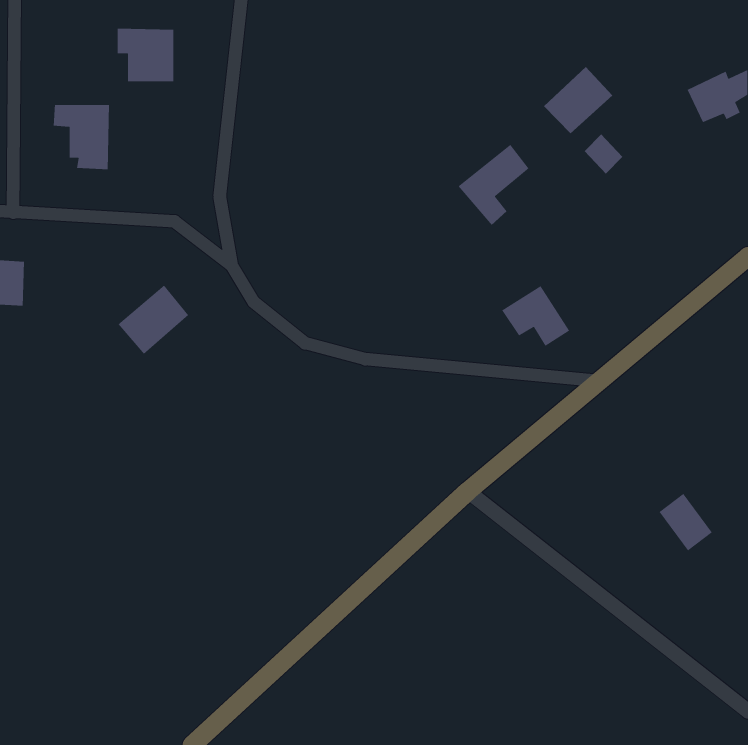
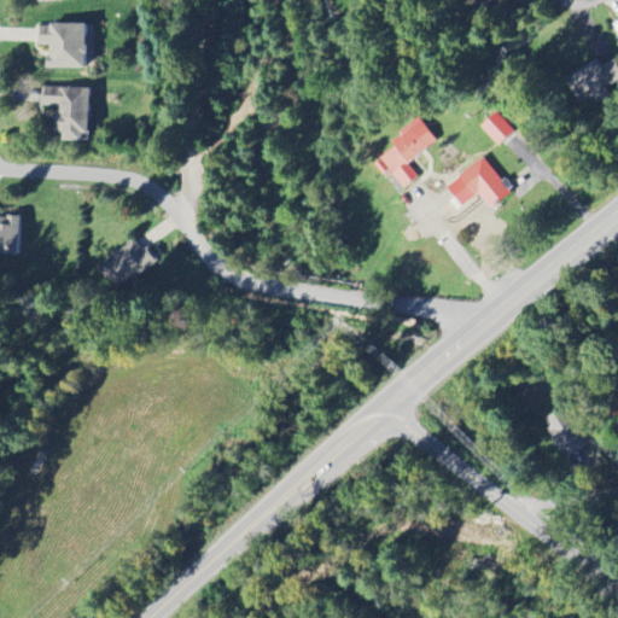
building: [117,28,174,82] -> [40,22,87,66]
building: [543,66,613,134] -> none
building: [501,285,570,347] -> [453,156,509,206]

